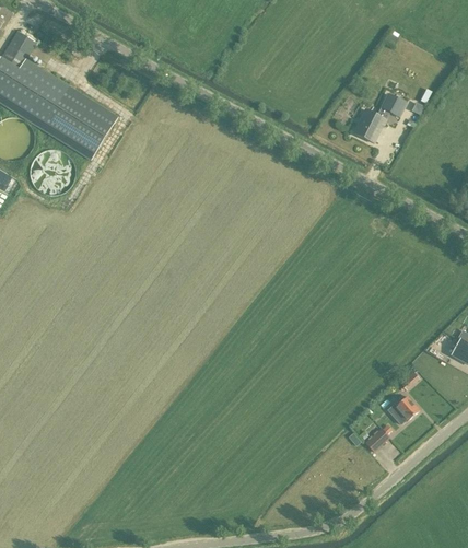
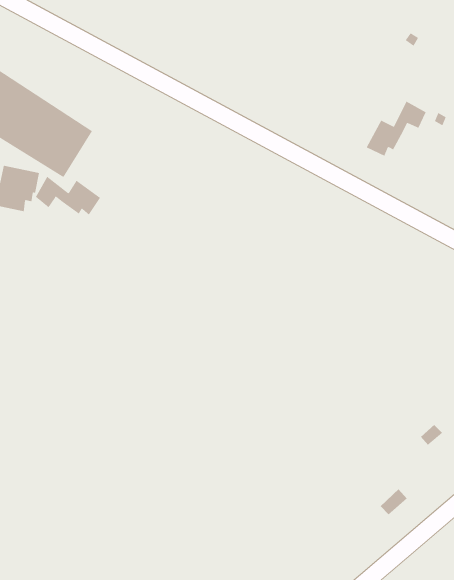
building: none -> [35,176,101,216]
building: [388,396,419,423] -> none

